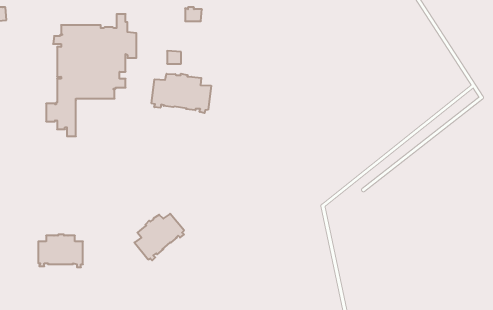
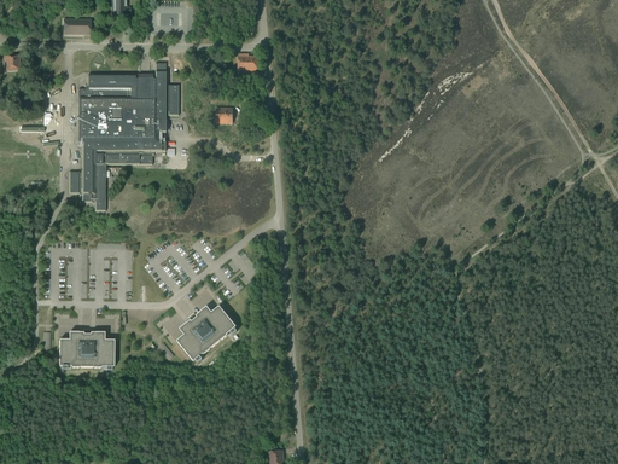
building: [152,74,211,113] -> none

